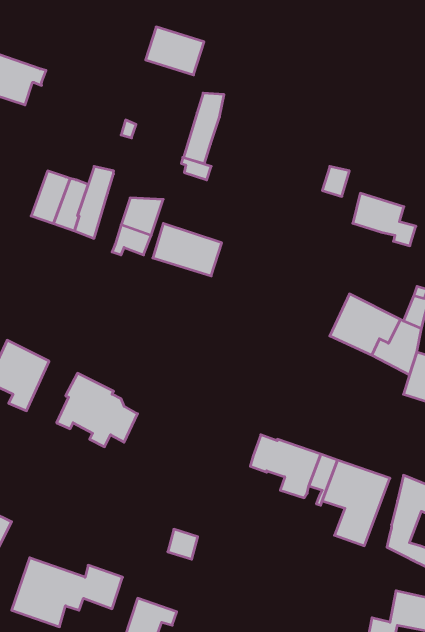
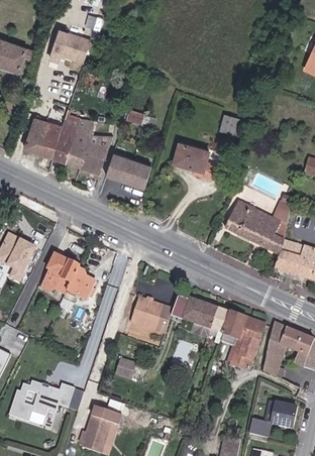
building: [146,27,204,75] -> [50,30,90,63]
building: [183,93,224,164] -> [66,119,93,166]
building: [353,193,416,246] -> [174,142,216,178]
building: none -> [131,297,173,332]

